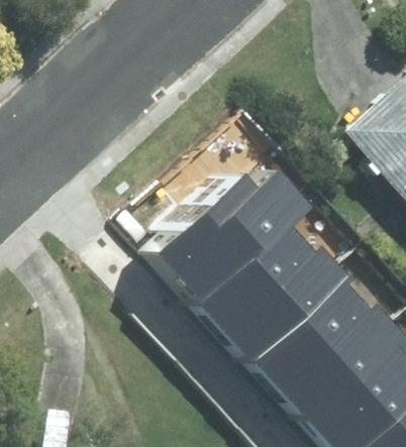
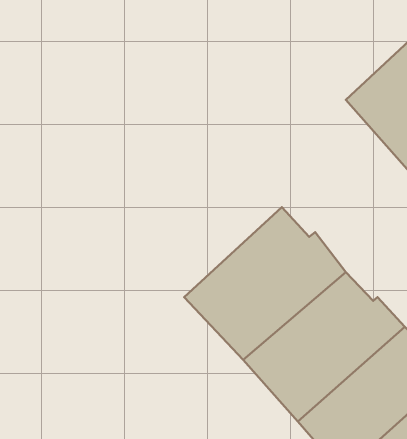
building: [156,174,311,307] -> none

